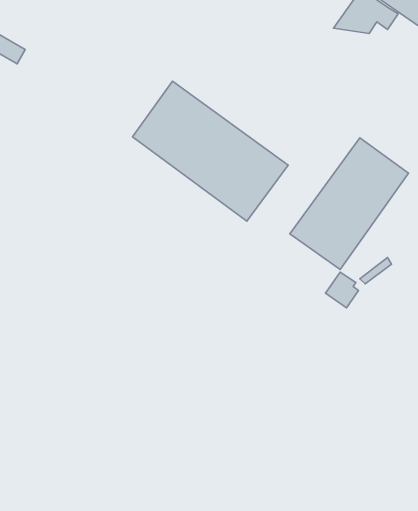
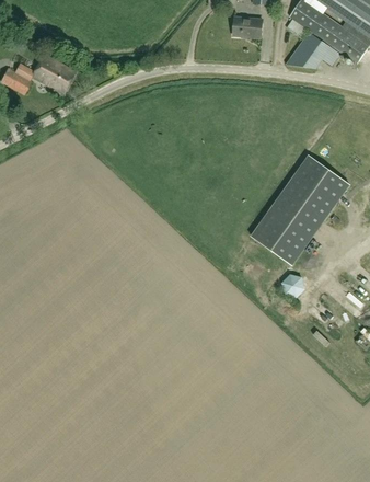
building: none -> [32,54,76,93]
building: [133,81,288,221] -> none

